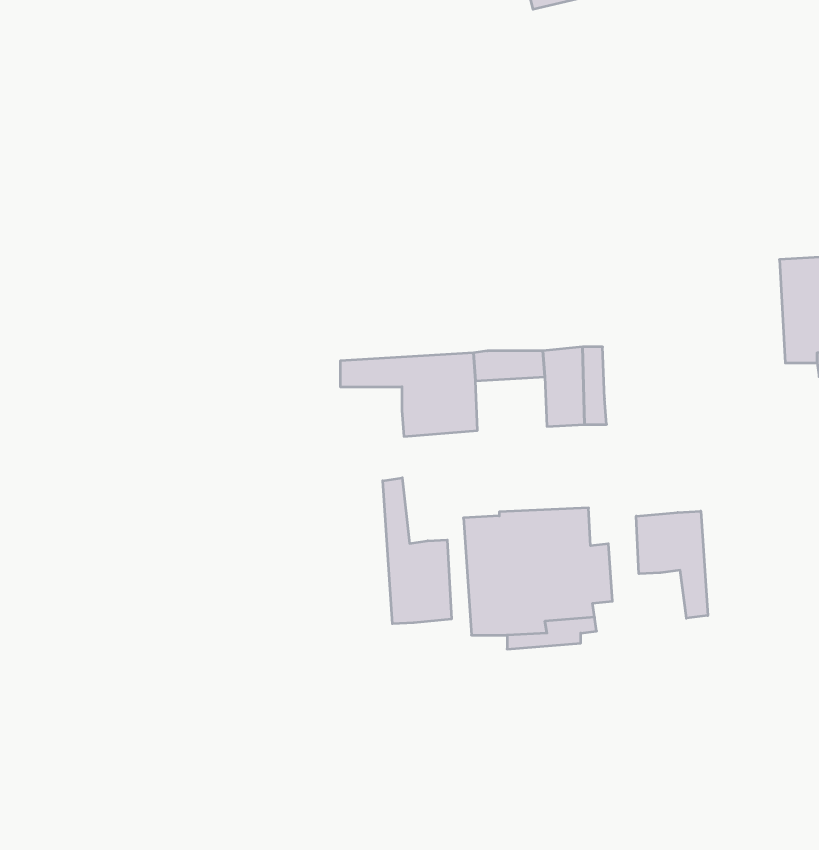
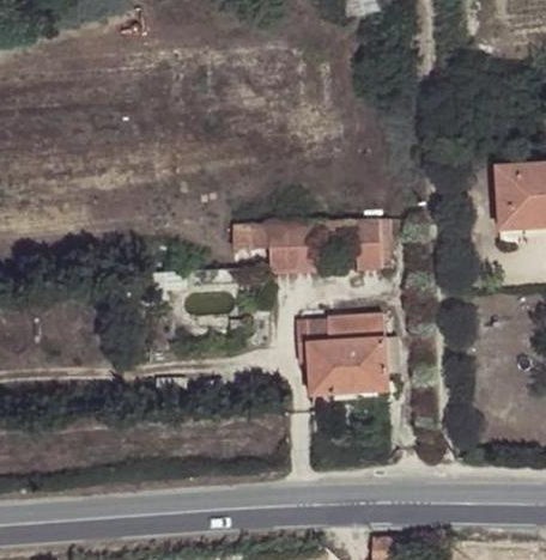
building: [383,478,451,624] -> none
building: [636,511,708,618] -> none

